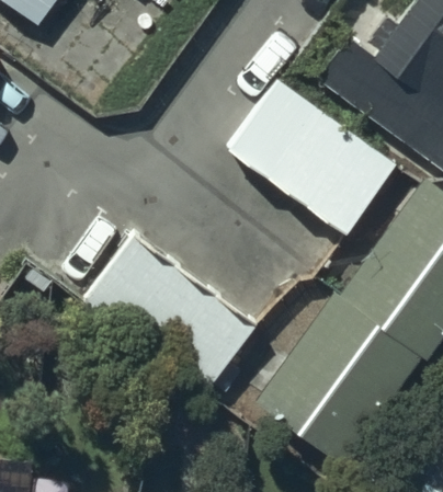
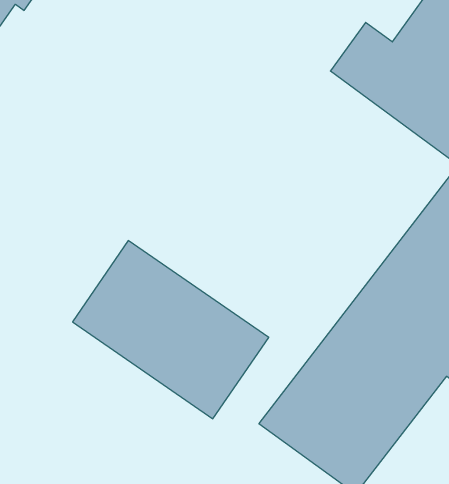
building: [226,79,398,234] -> none

